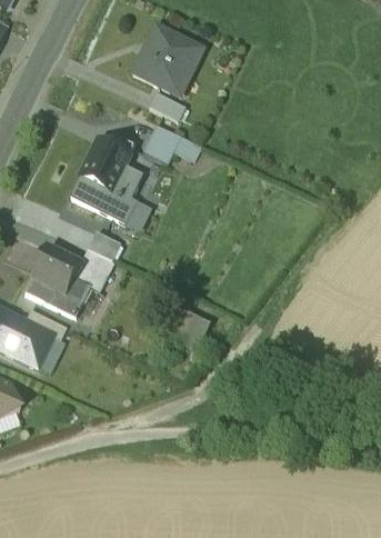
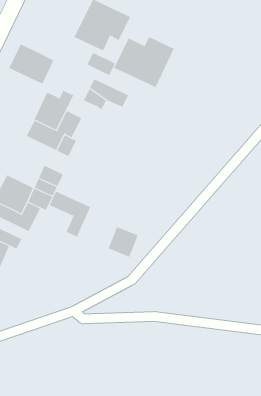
building: none -> [113,36,174,88]
building: none -> [8,44,54,84]
building: none -> [49,191,91,238]

